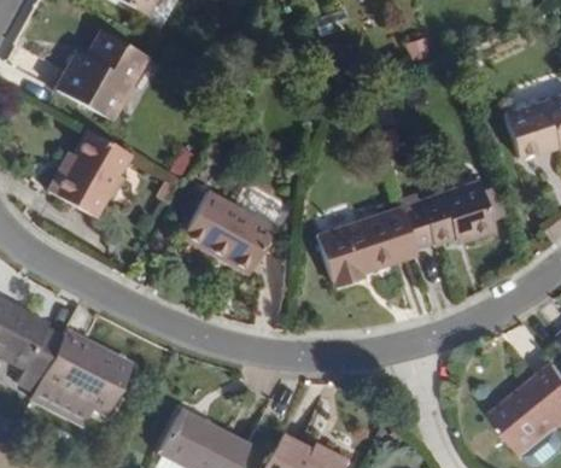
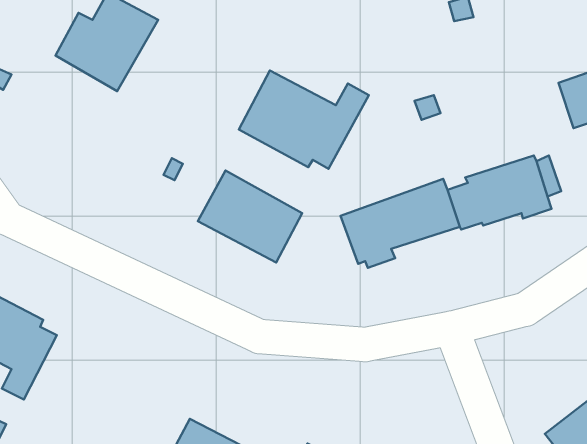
building: none -> [239,70,369,169]
building: [49,134,132,223] -> none
building: [31,327,132,423] -> none

